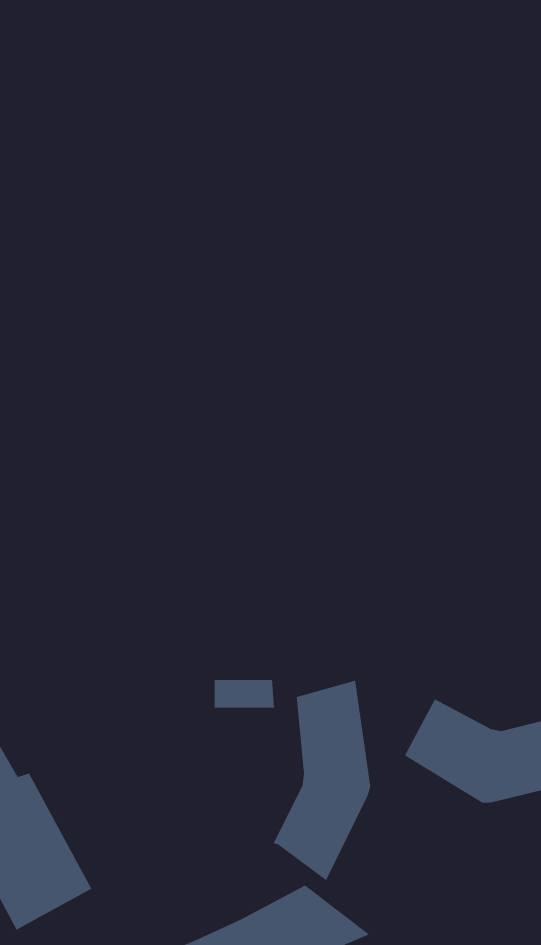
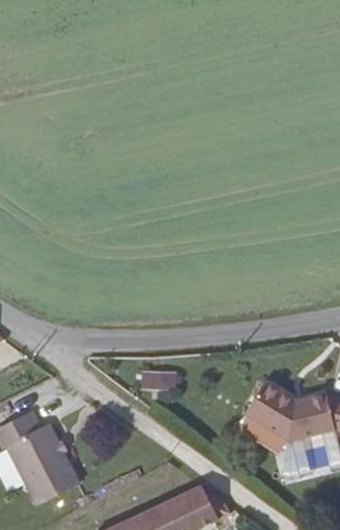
building: [273,680,371,881] -> none

